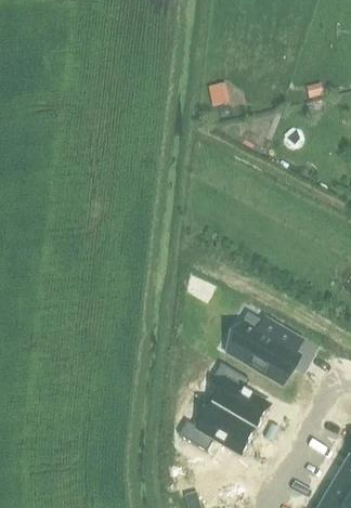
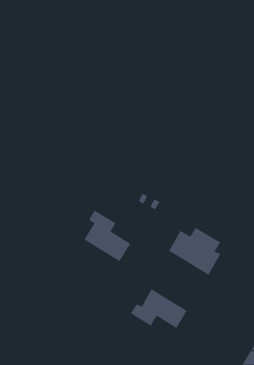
building: [206,362,269,430] -> [83,210,131,262]

